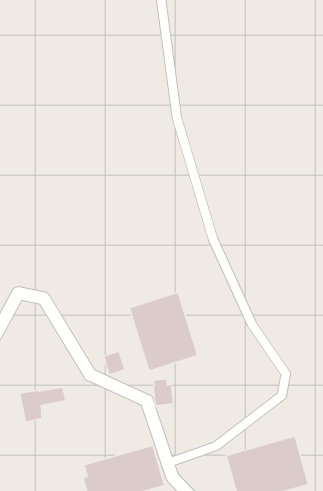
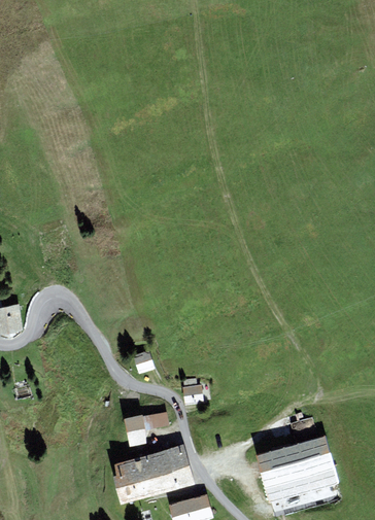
building: [129,292,198,371] -> none
building: [19,387,66,422] -> [123,412,169,447]

